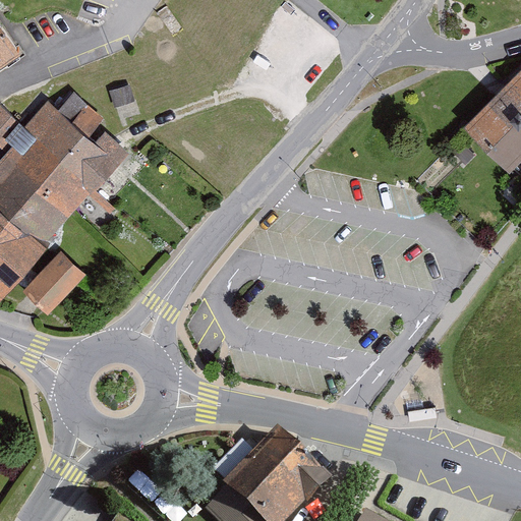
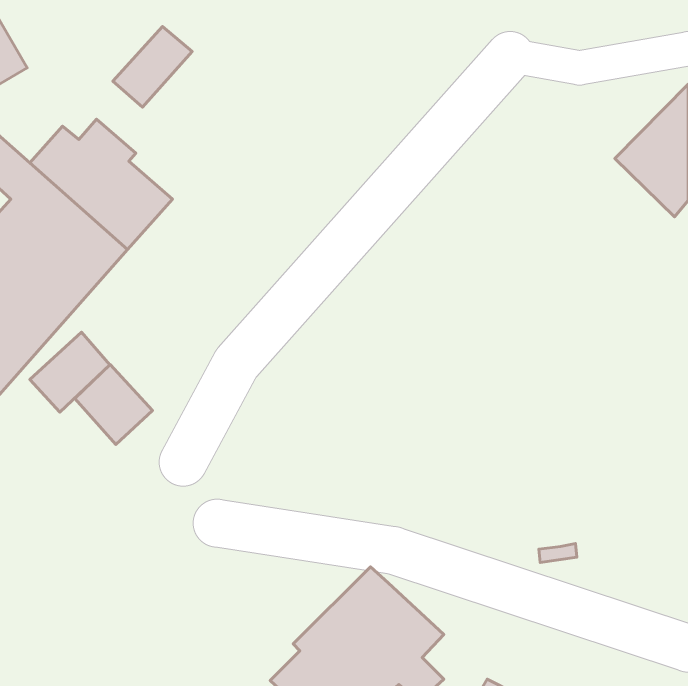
building: none -> [113,27,192,107]
building: none -> [75,364,153,444]

